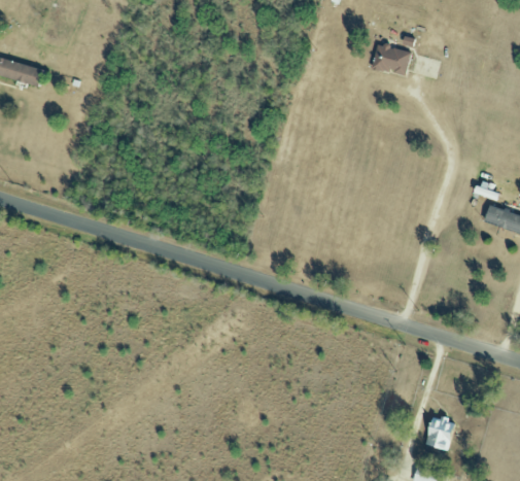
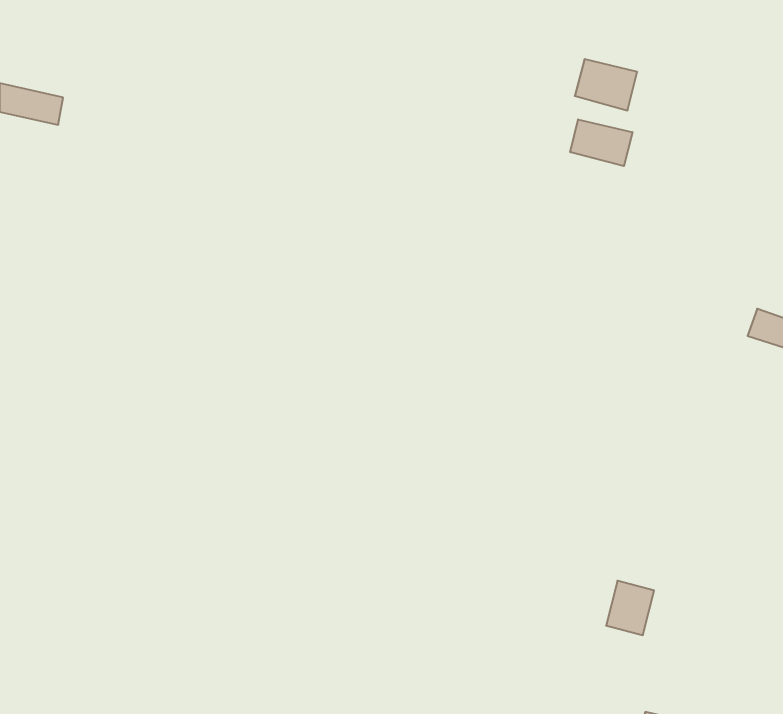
building: none -> [570,119,632,166]
building: [423,415,454,450] -> [606,581,654,635]

